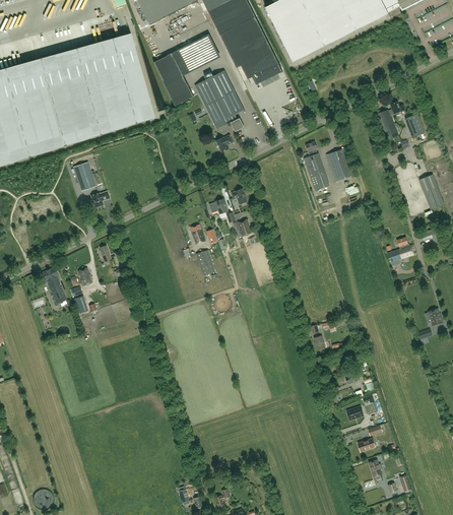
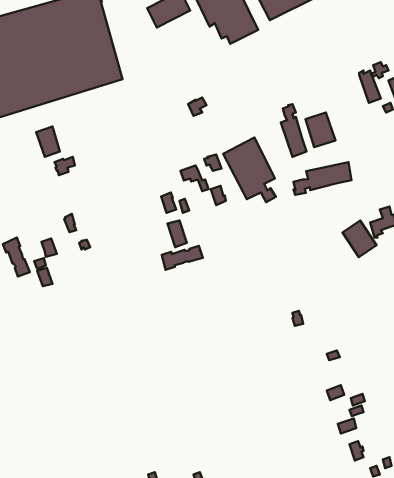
building: [153,53,194,106] -> none
building: [195,71,245,132] -> [223,138,276,202]
building: none -> [294,162,352,195]
building: none -> [342,220,377,257]
building: none -> [162,246,203,270]

